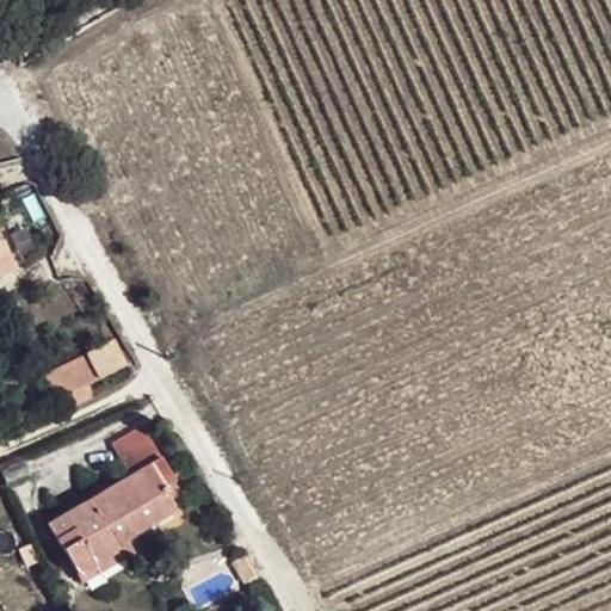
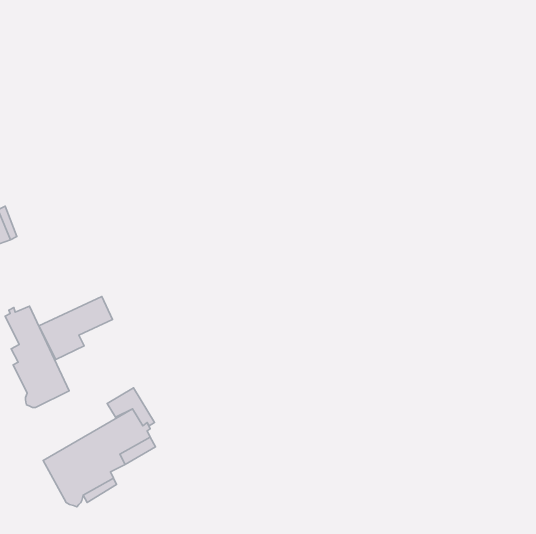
building: none -> [5,306,69,408]

